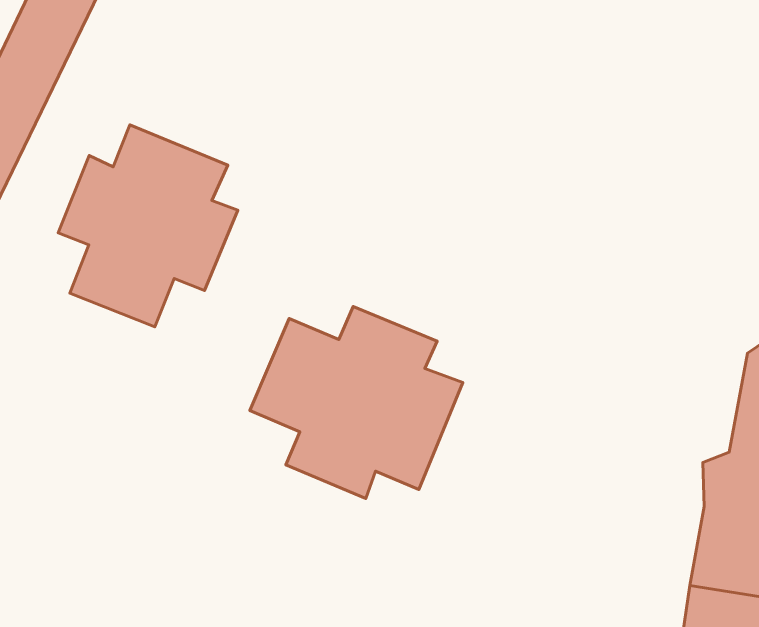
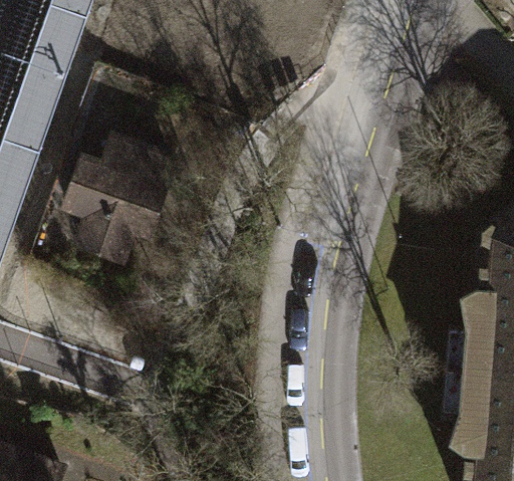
building: [250,307,463,498] -> none

